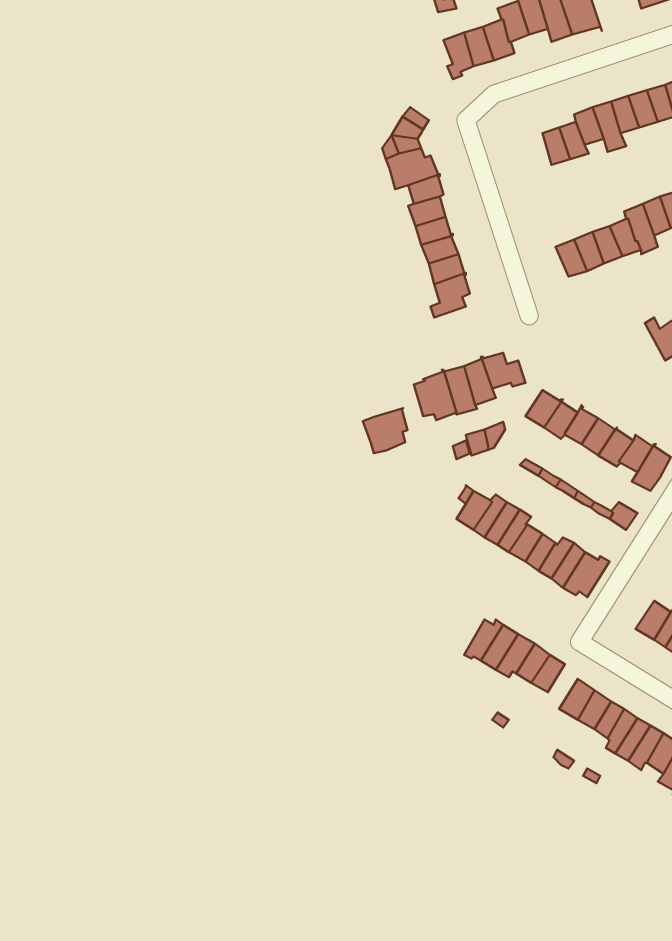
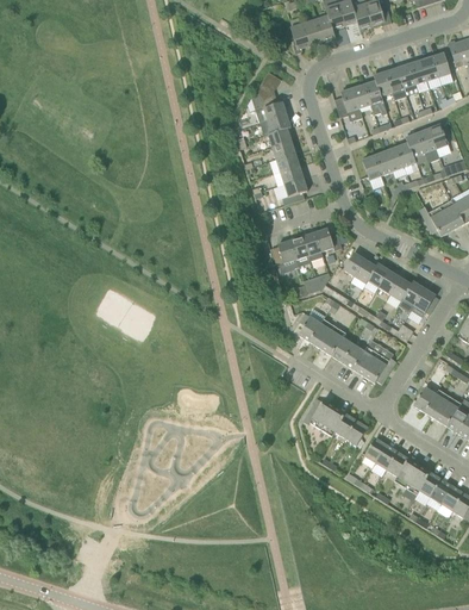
building: none -> [333,87,362,120]
building: [363,408,407,453] -> none

